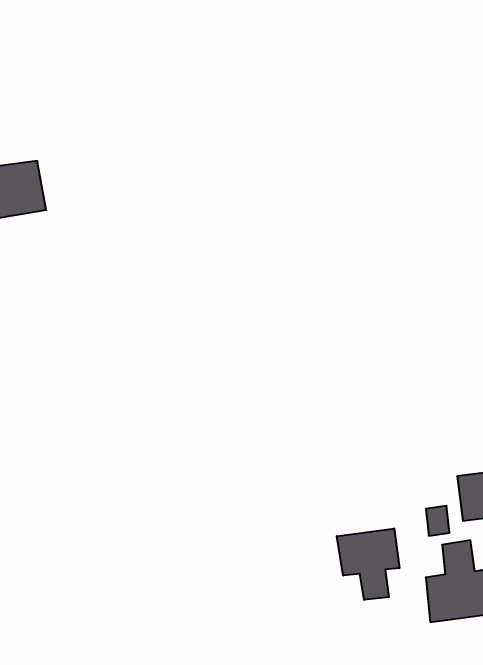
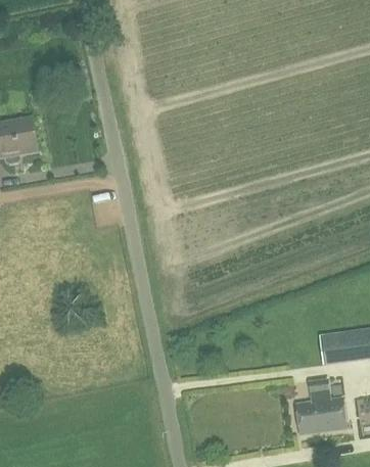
building: [337,528,399,600] -> none

